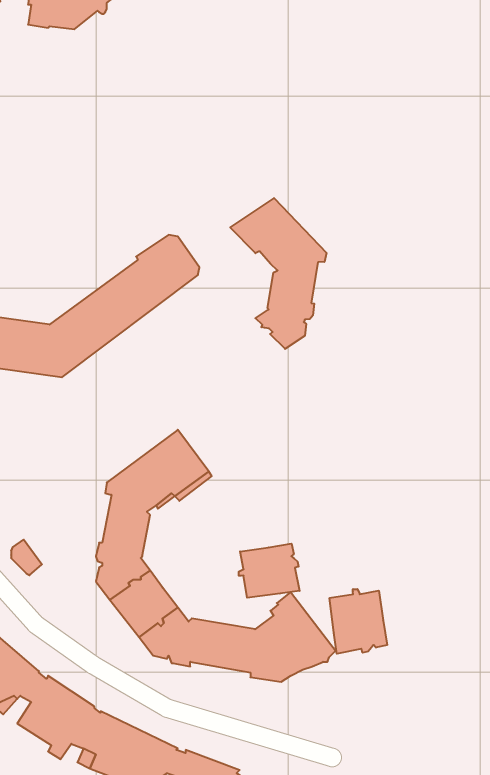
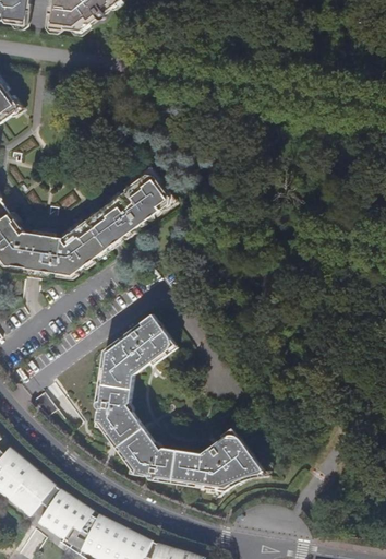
building: [230,198,326,349] -> none
building: [239,544,300,598] -> none
building: [330,589,387,654] -> none

